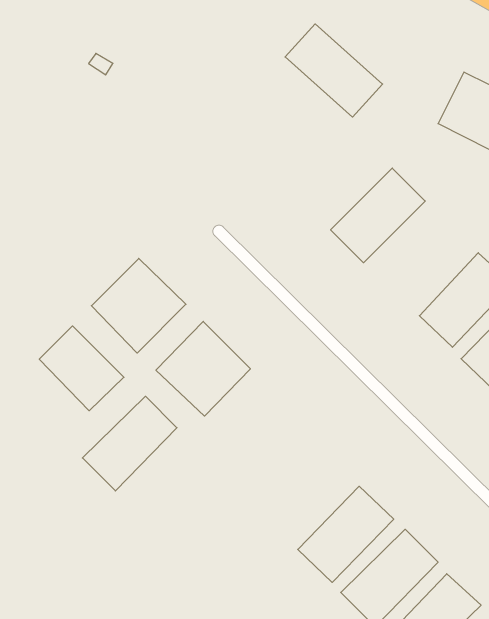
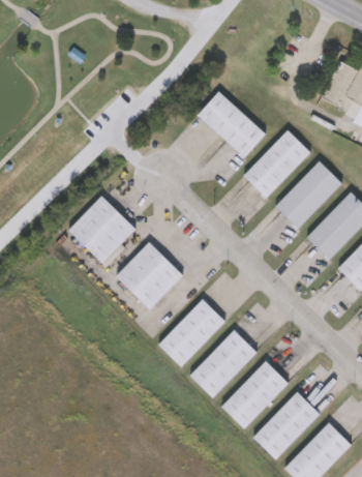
building: [285,24,383,117] -> [197,90,267,157]
building: none -> [275,160,343,229]
building: [39,326,124,411] -> none
building: [82,396,177,491] -> [156,298,224,366]
building: none -> [187,328,257,397]

